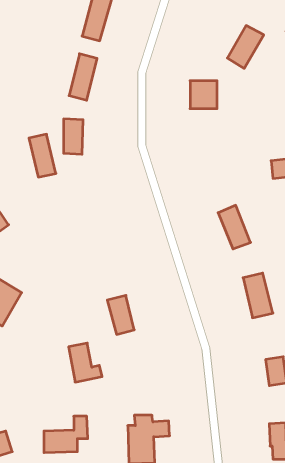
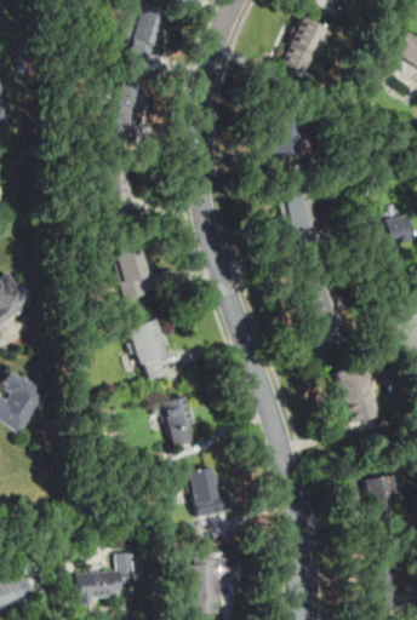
building: [227,26,264,68] -> [281,18,329,74]
building: [29,134,56,177] -> [115,243,150,299]
building: none -> [280,191,320,243]
building: none -> [127,318,172,380]
building: [69,343,102,382] -> [189,466,233,517]

